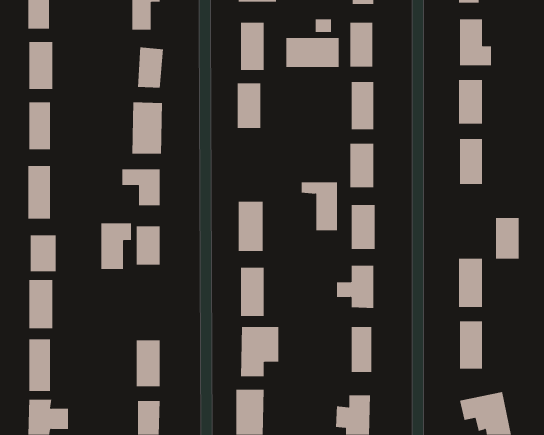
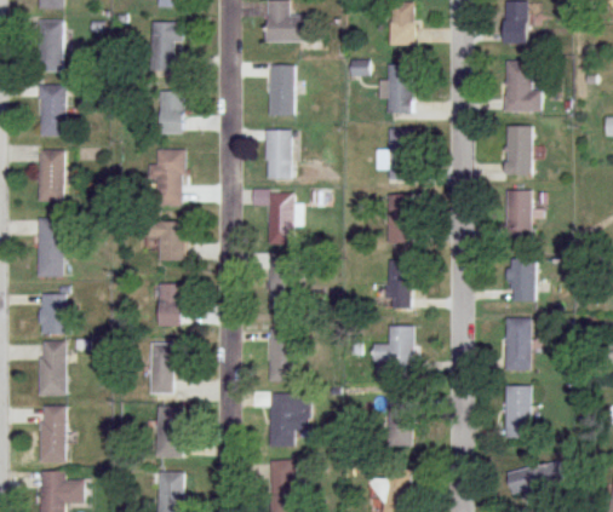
building: [286,37,339,68] -> none
building: [301,182,338,231] -> [252,191,292,245]
building: [495,218,520,259] -> [508,257,534,301]
building: [100,223,132,270] -> [149,343,183,393]

